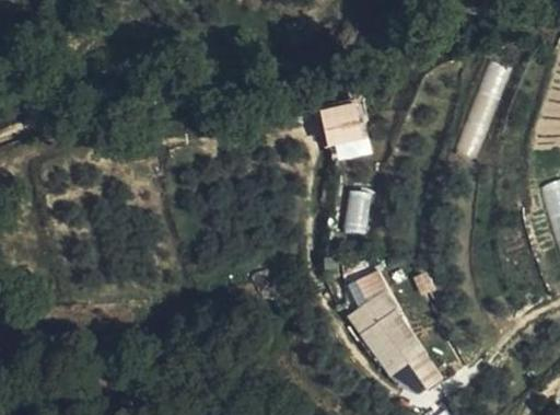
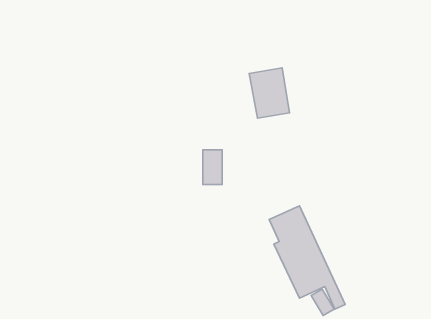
building: [346,191,369,232] -> [203,150,222,185]

